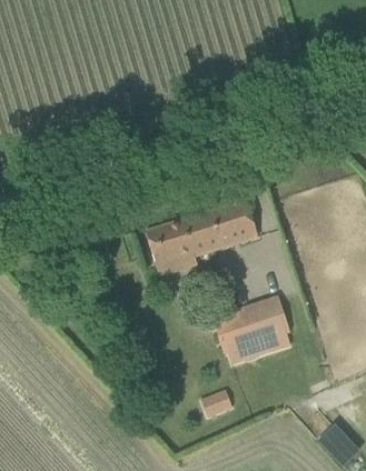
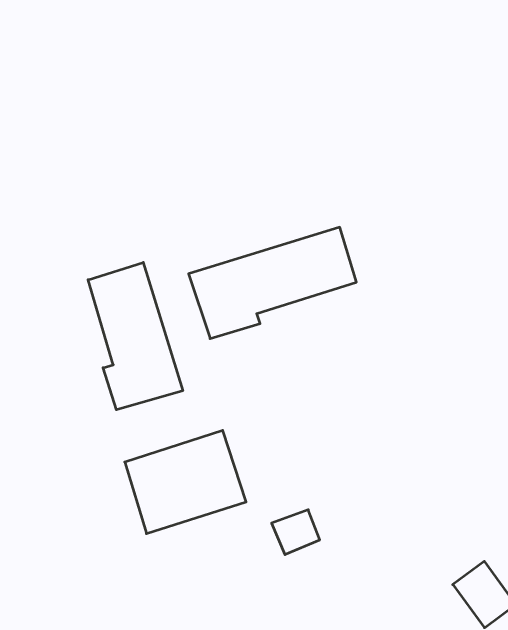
building: none -> [88,262,183,410]
building: [212,295,294,364] -> [125,430,246,534]

